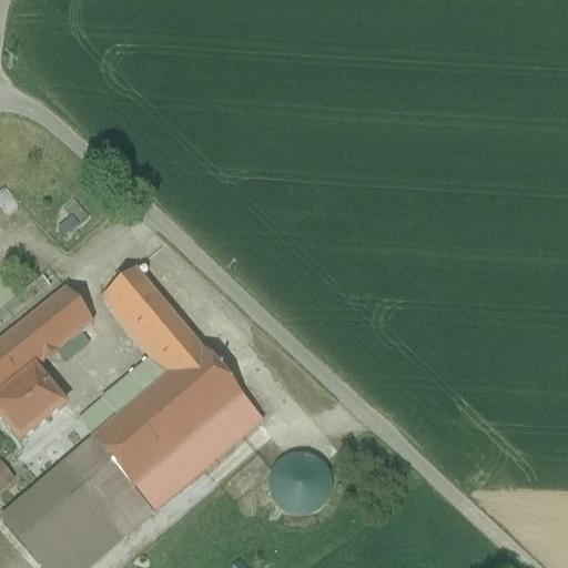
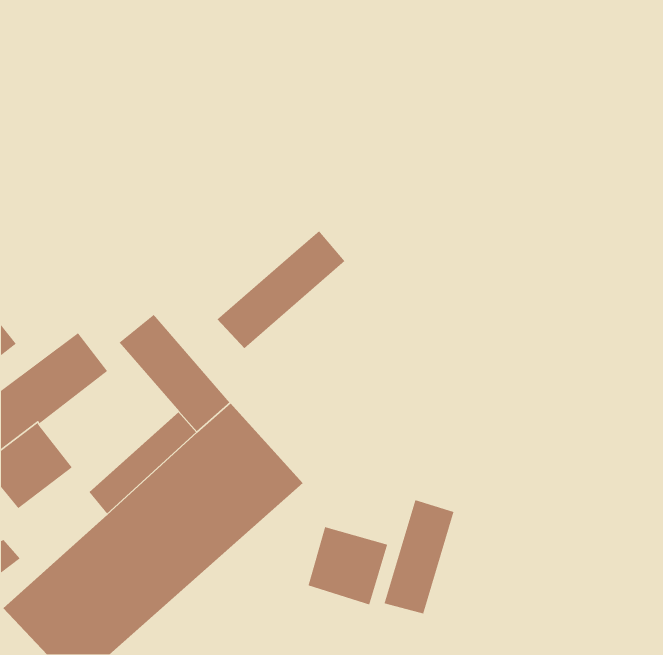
building: none -> [217,230,346,349]
building: none -> [384,499,455,615]

